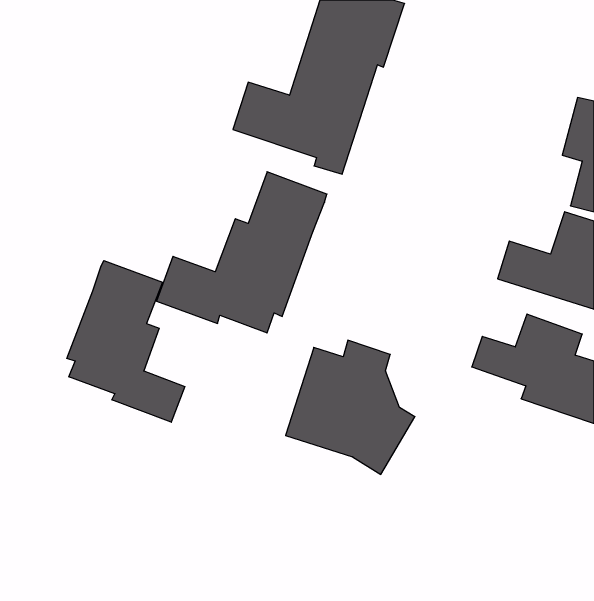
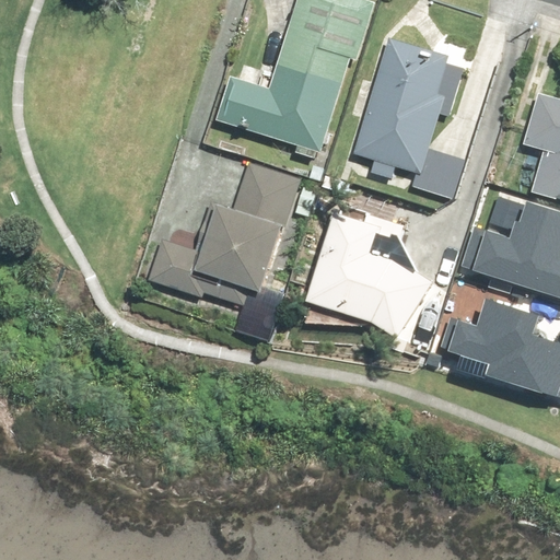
building: none -> [354,38,464,199]
building: [67,261,185,422] -> none
building: [286,340,415,474] -> [301,211,421,336]

